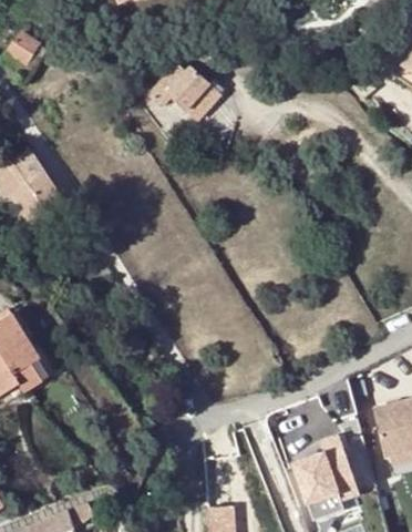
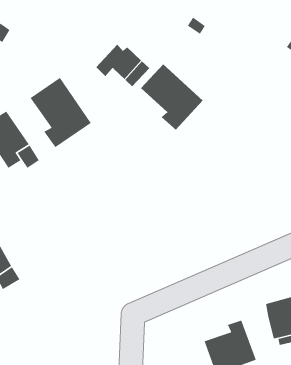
building: none -> [140,63,203,130]
building: none -> [30,77,92,148]

